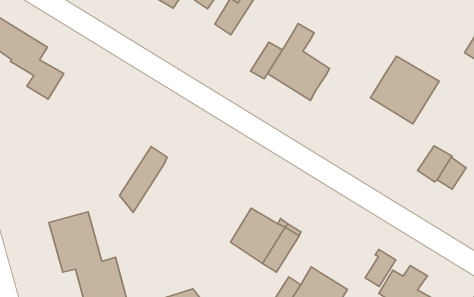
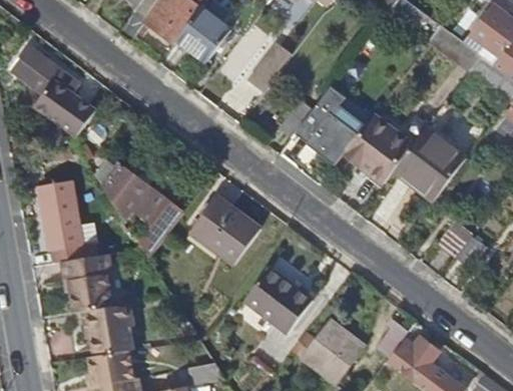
building: none -> [343,115,413,184]
building: none -> [100,153,170,238]
building: none -> [38,181,84,251]
building: none -> [191,198,260,266]

